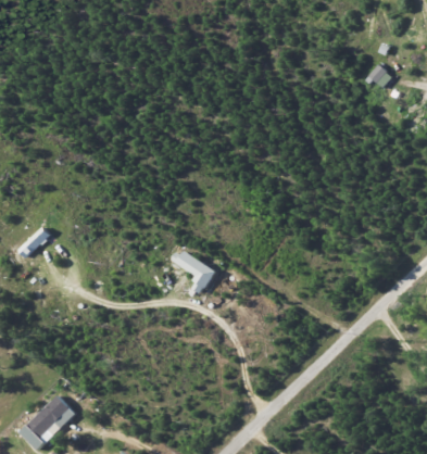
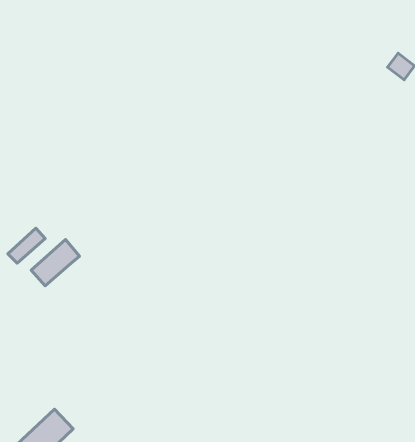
building: none -> [31,240,80,286]
building: [173,248,216,297] -> none

